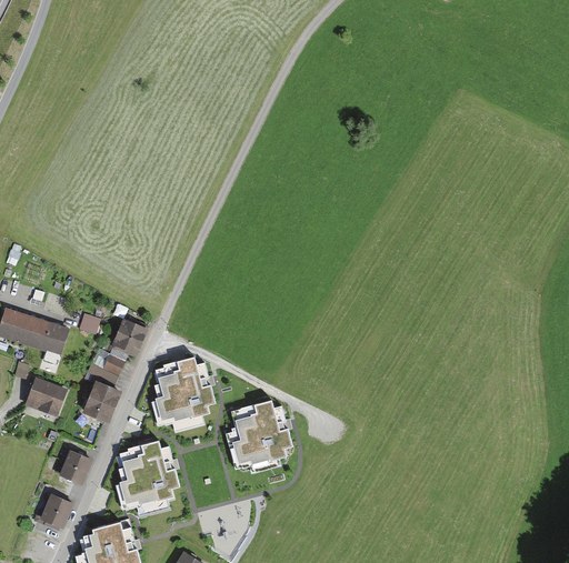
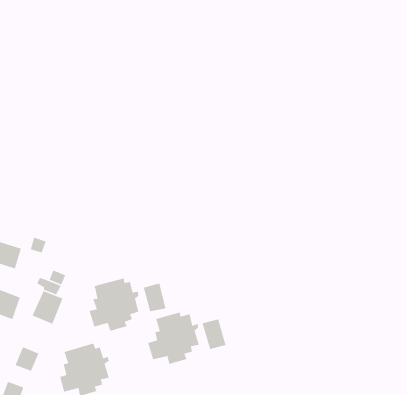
building: [110,316,148,355] -> none
building: none -> [143,283,166,312]
building: none -> [202,319,226,350]

